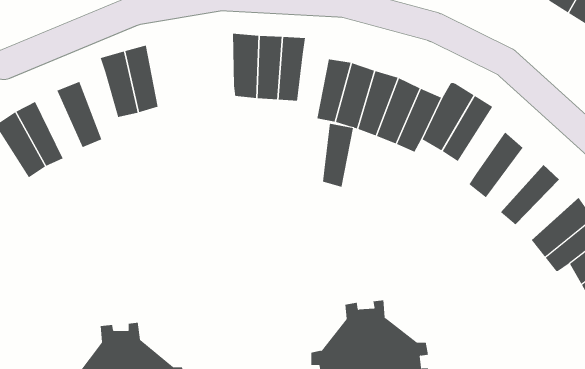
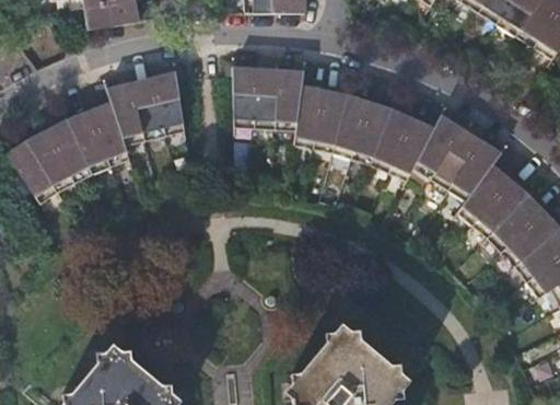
building: none -> [148,70,178,134]
building: none -> [85,101,126,164]
building: none -> [44,118,88,182]
building: none -> [439,134,490,196]
building: [322,123,354,188] -> [288,84,317,144]
building: none -> [465,172,518,232]
building: none -> [492,201,551,258]

